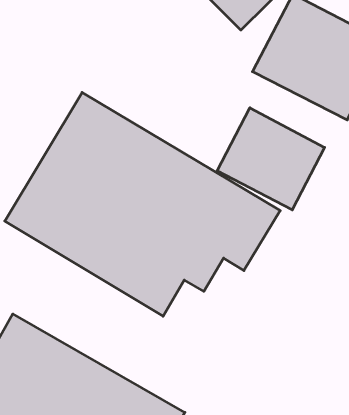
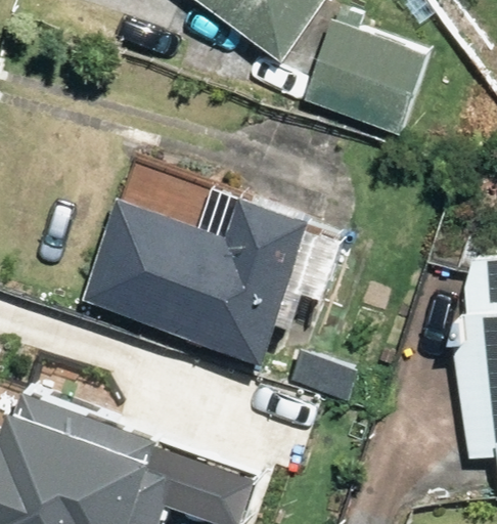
building: [217,108,325,210] -> none

